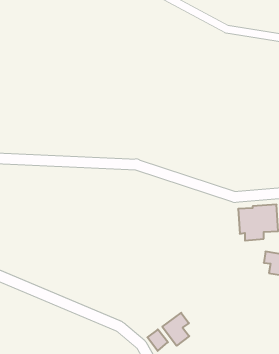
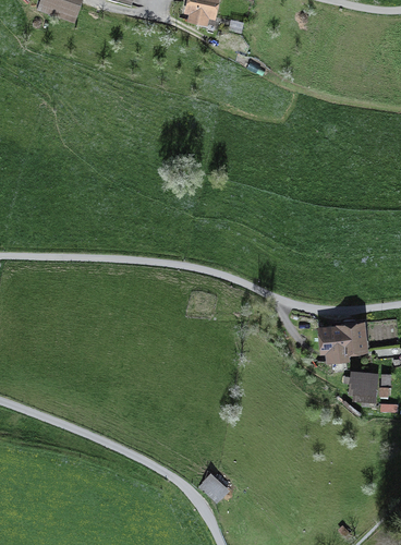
building: [162,313,189,346] -> none

